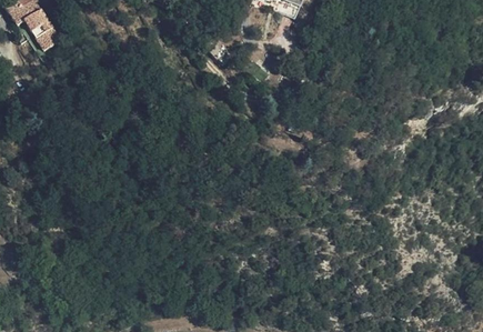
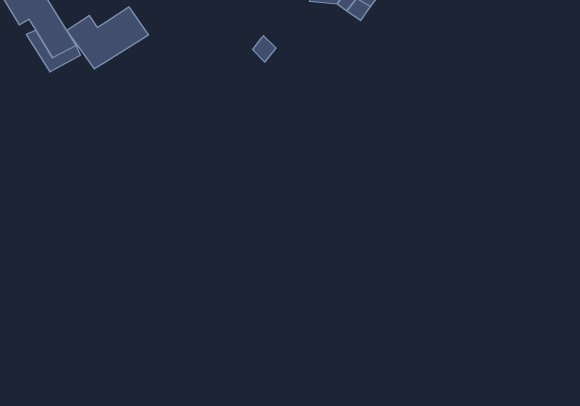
building: none -> [67,7,148,69]

